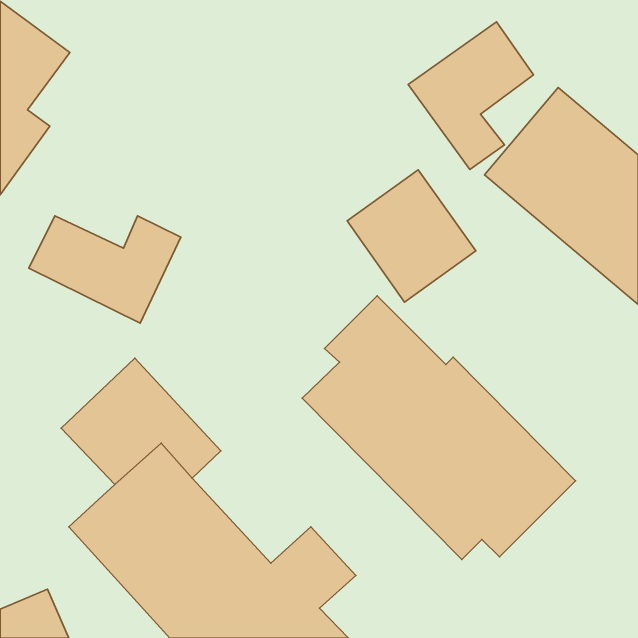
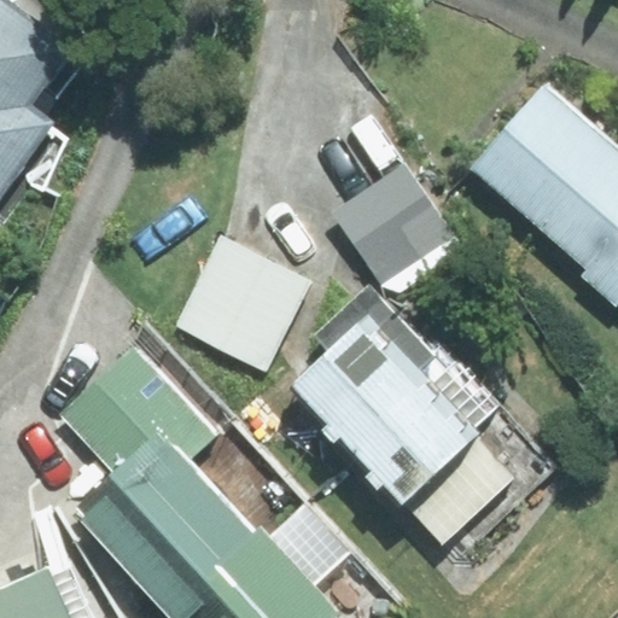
building: [408,22,534,169] -> none
building: [29,216,181,323] -> none
building: none -> [180,240,308,368]

